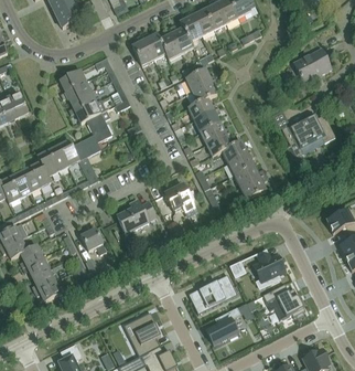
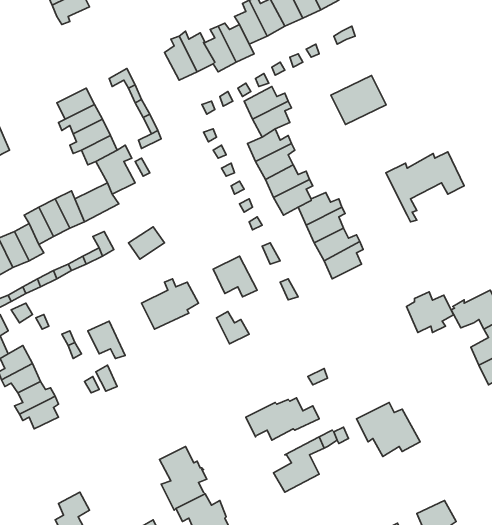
building: [293,49,331,82] -> [331,76,386,124]
building: [254,254,286,282] -> [406,292,454,333]

